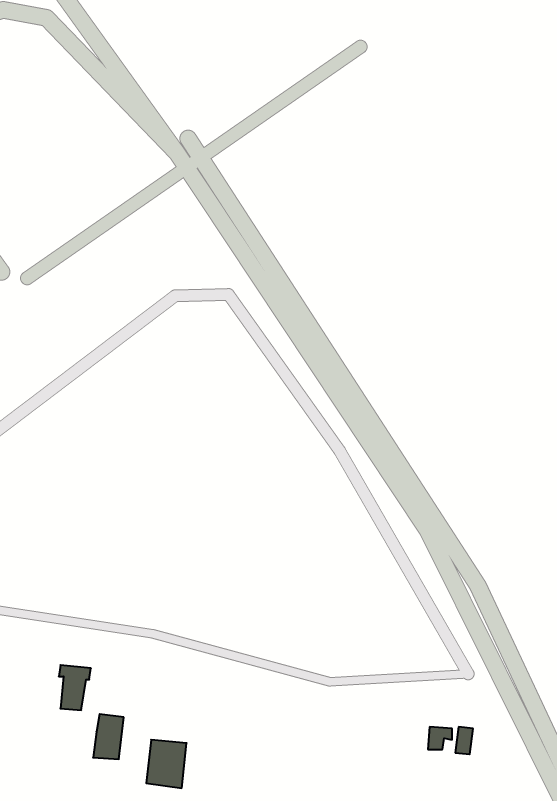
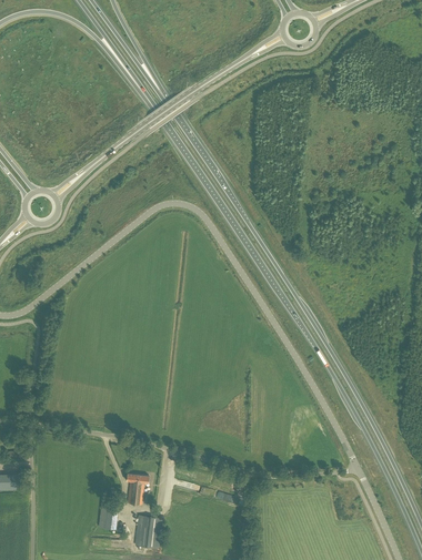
building: [59,665,91,710] -> [125,474,148,505]

